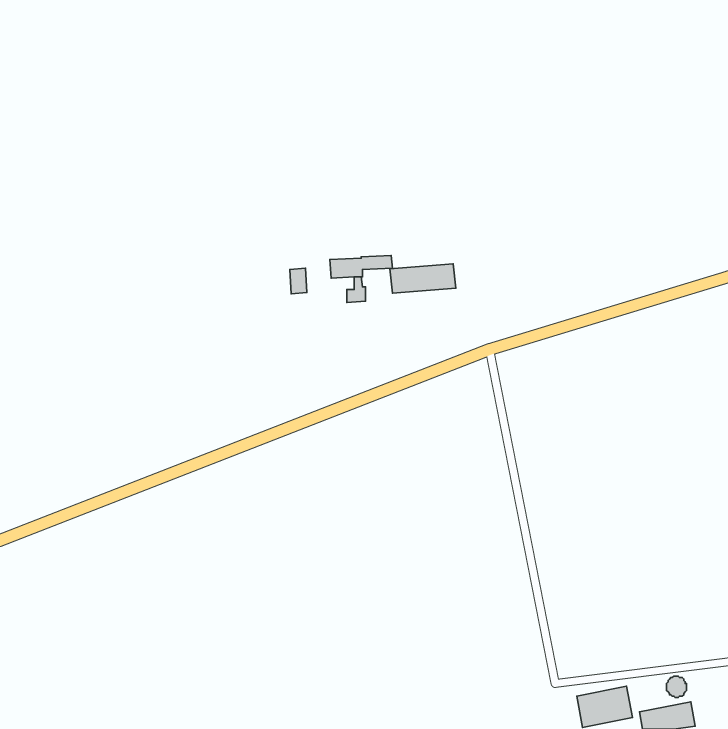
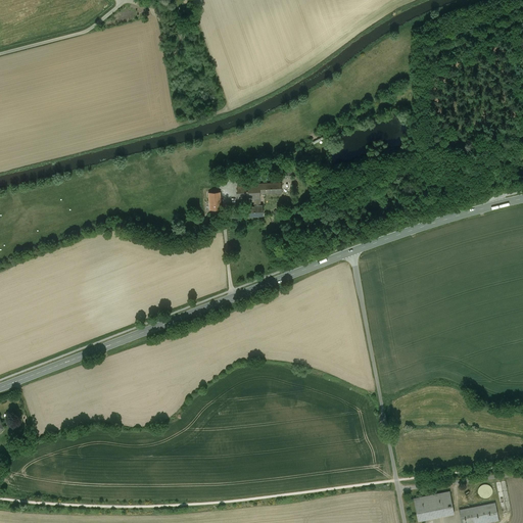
building: [390,264,456,293] -> none

